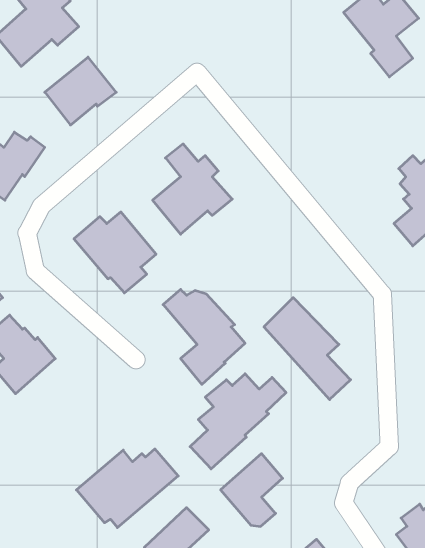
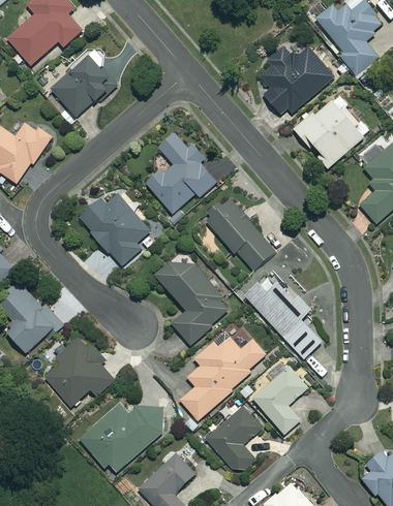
building: none -> [256,45,333,115]
building: none -> [294,95,369,167]
building: none -> [205,197,275,271]
building: none -> [44,336,115,406]
building: none -> [252,359,307,434]

